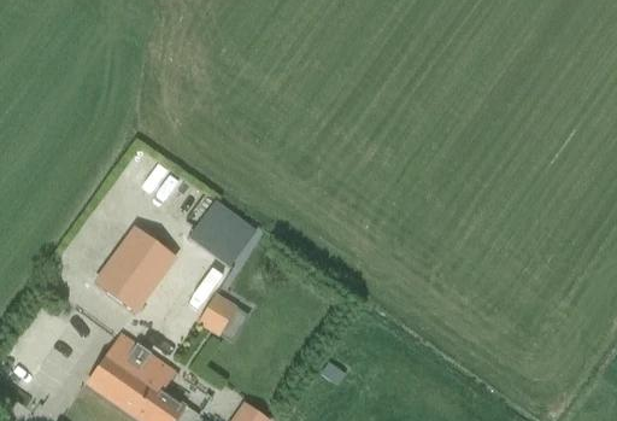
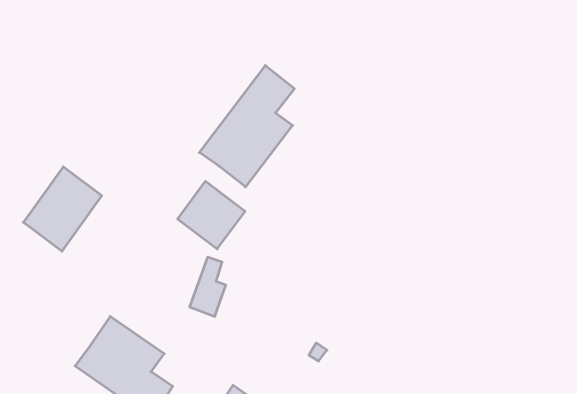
building: none -> [199,65,294,187]
building: [95,227,174,311] -> [23,167,102,251]

